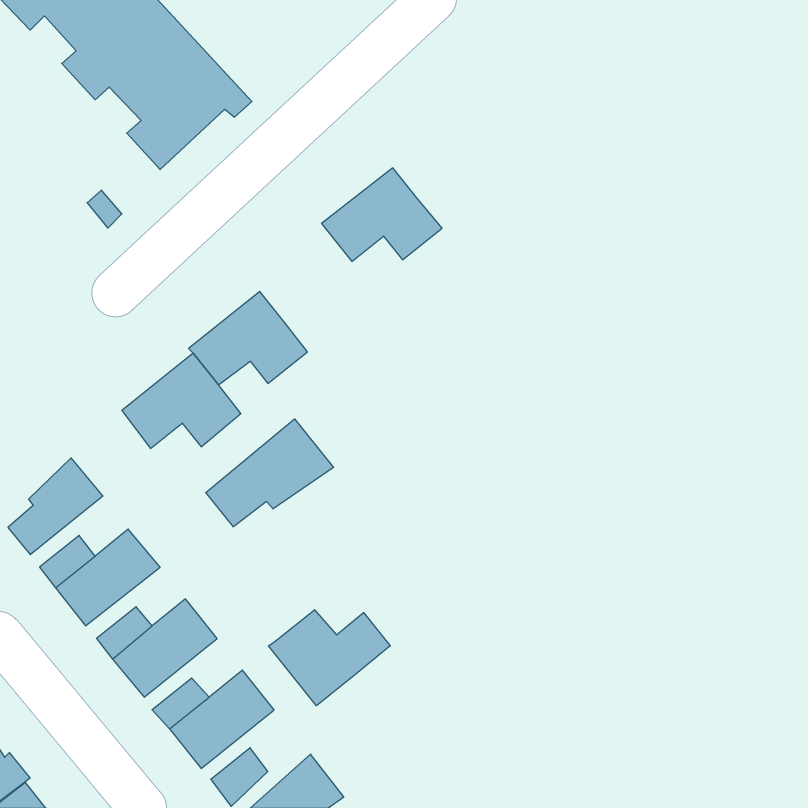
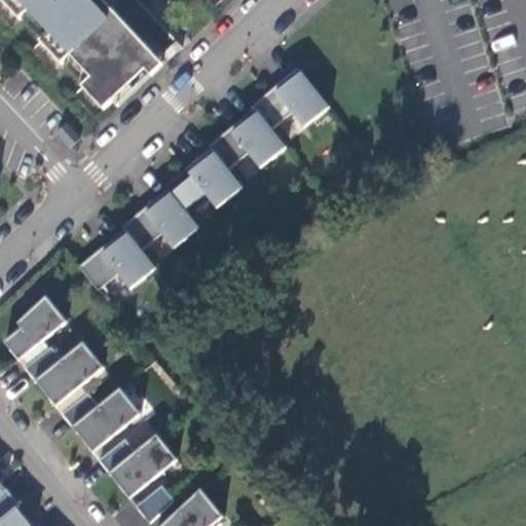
building: none -> [252,68,330,129]
building: none -> [165,149,243,210]
building: [206,419,333,527] -> none
building: [268,610,390,706] -> none

